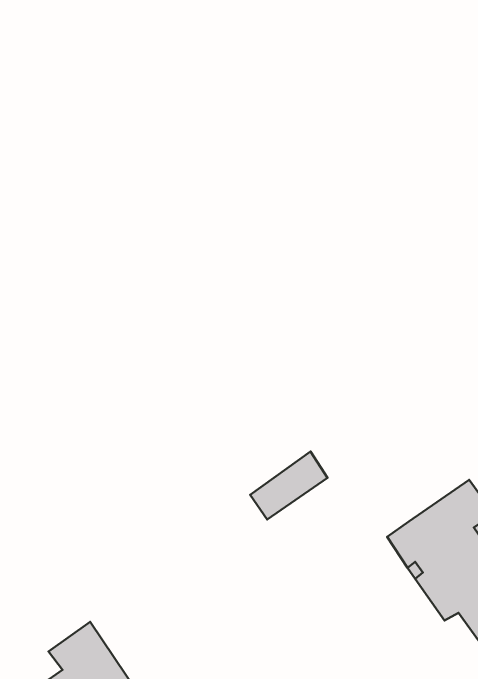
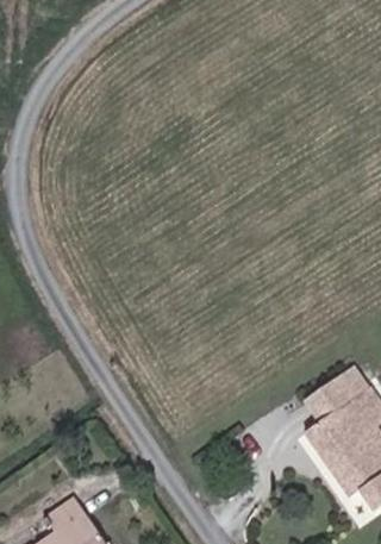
building: [250,452,328,520] -> [308,368,368,420]

